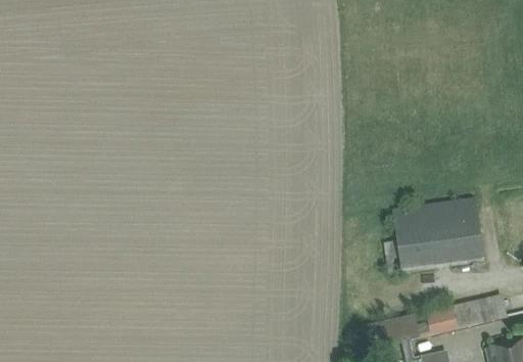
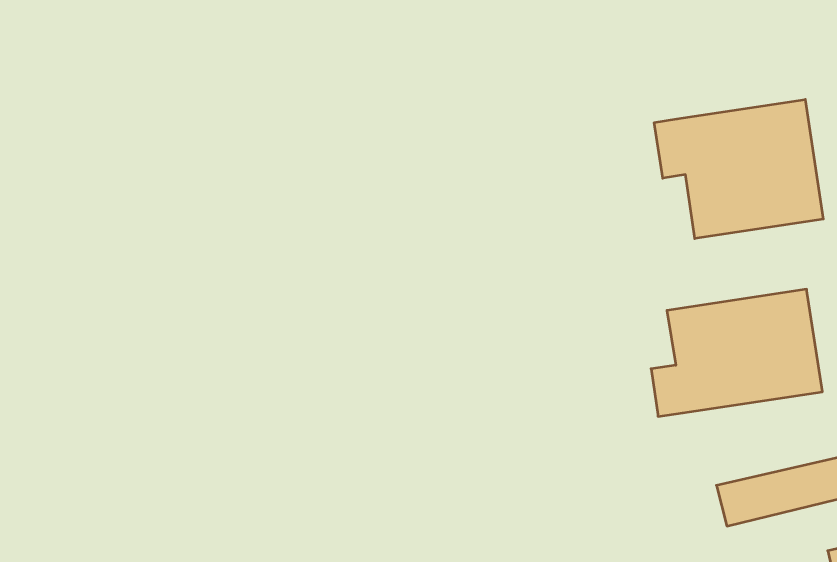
building: none -> [654,99,823,239]

